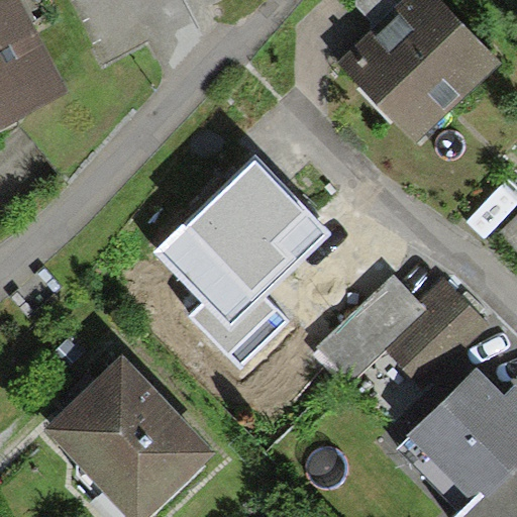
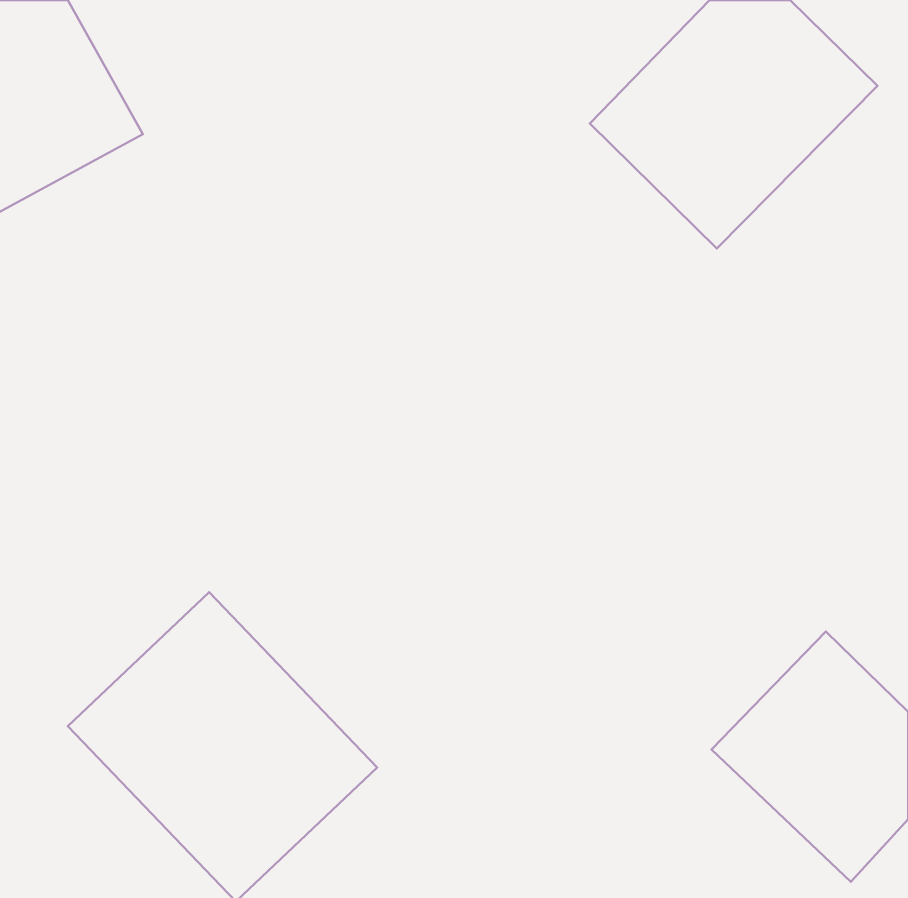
building: [157,165,328,335] -> none
building: [338,275,467,402] -> none

